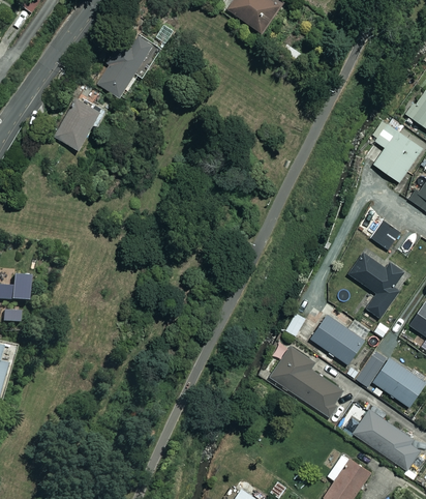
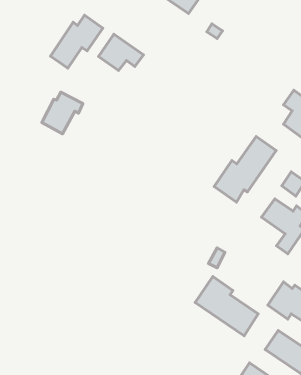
building: none -> [98,34,144,71]
building: [54,99,102,149] -> [42,92,83,134]
building: none -> [214,137,276,202]
building: [309,314,363,363] -> none

